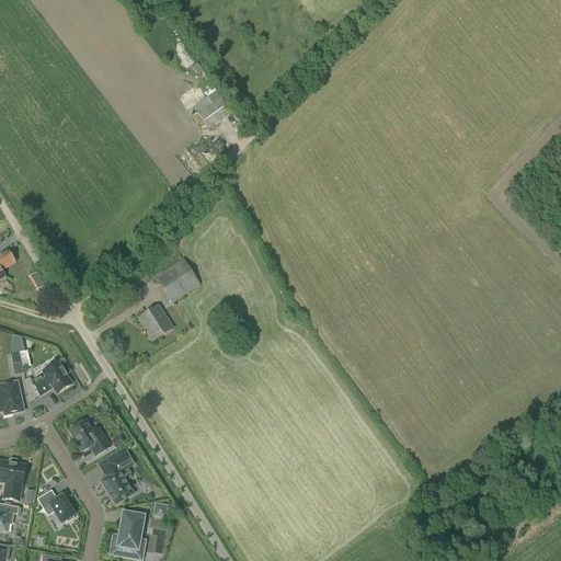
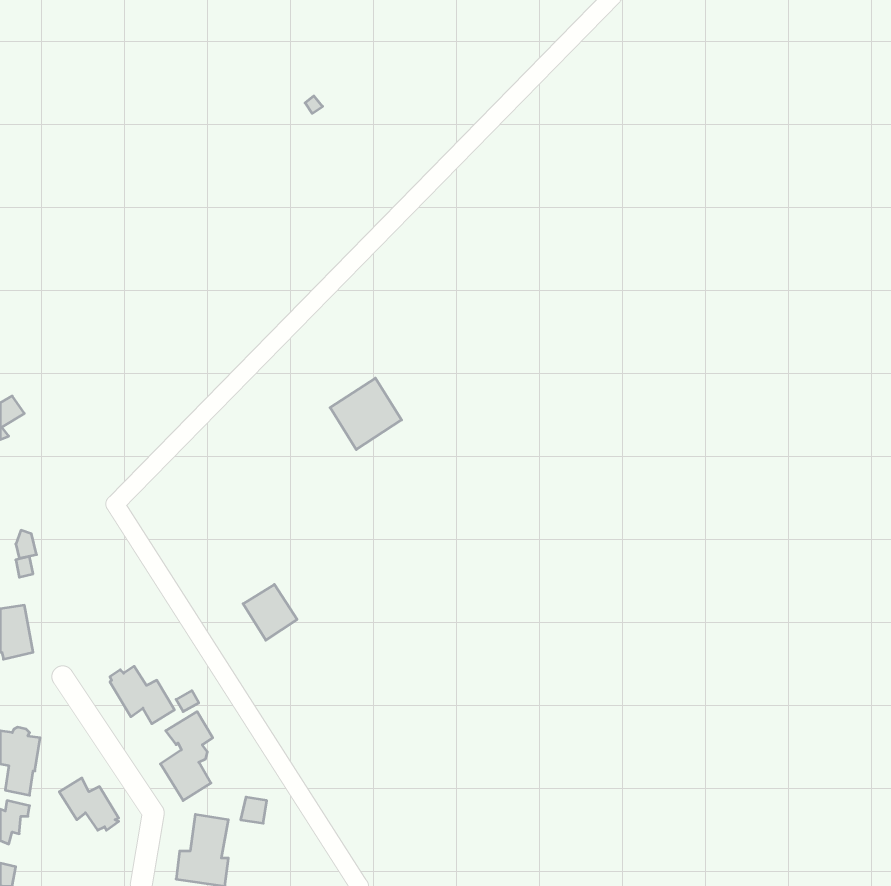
building: [195,89,232,126] -> none
building: [154,256,199,301] -> [330,378,402,450]
building: [138,305,172,340] -> [243,584,297,640]
building: [32,360,72,394] -> none

